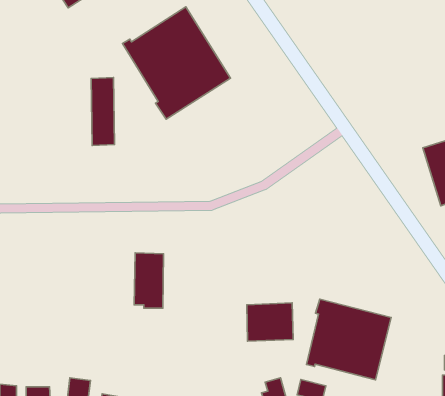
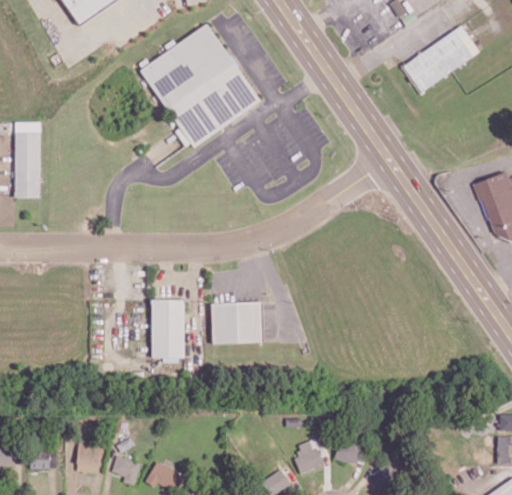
building: none -> [402,26,479,92]
building: [91,78,114,145] -> [14,122,40,198]
building: [306,299,391,380] -> none
building: [247,303,293,341] -> [211,301,263,344]

